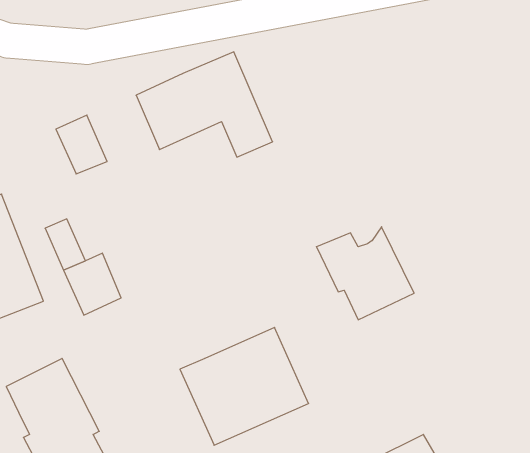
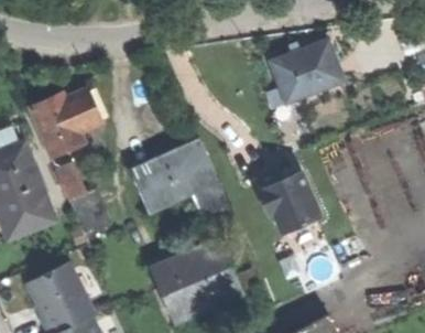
building: none -> [266,36,339,97]
building: [136,52,273,157] -> [132,141,229,216]
building: none -> [31,94,84,158]

